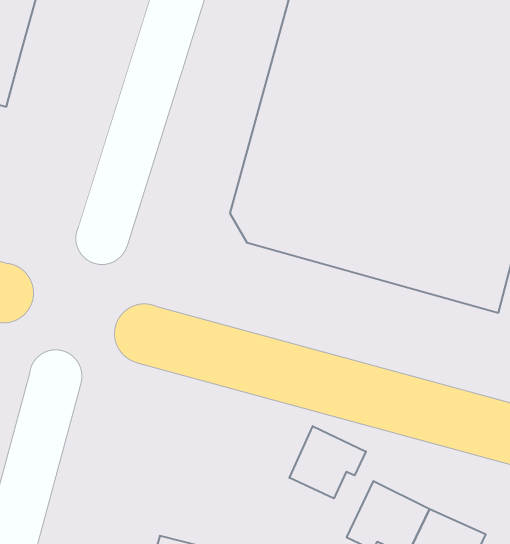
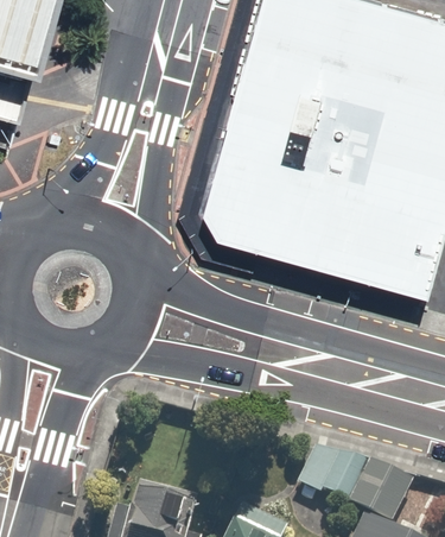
building: [289,426,366,498] -> none

